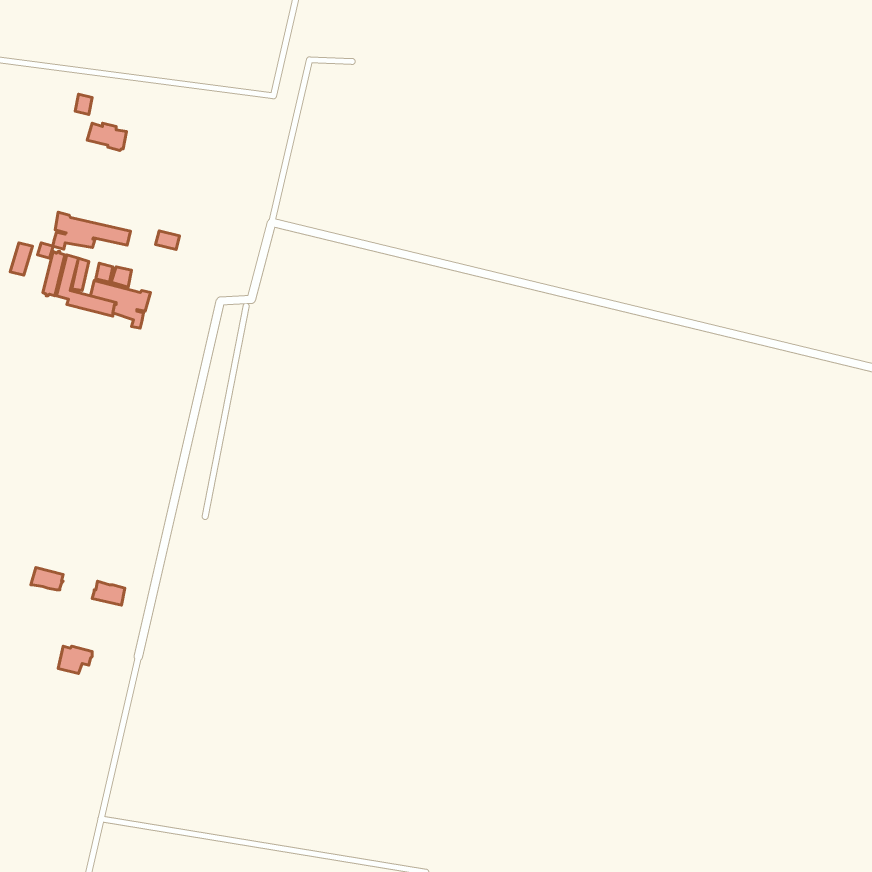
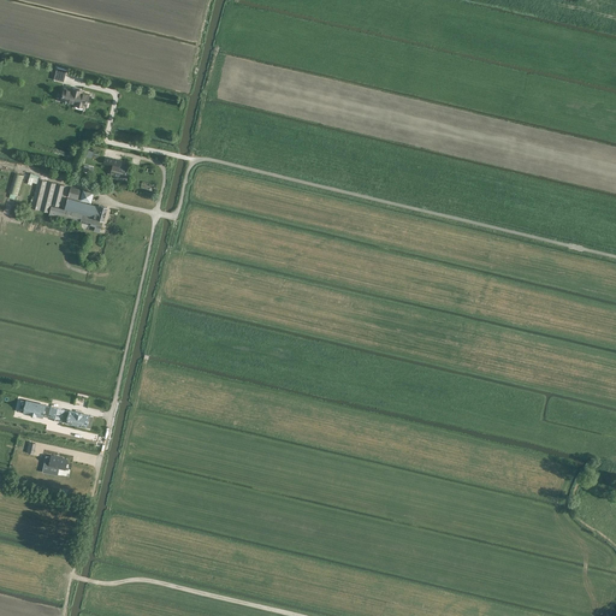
building: [53,212,131,249] -> none

